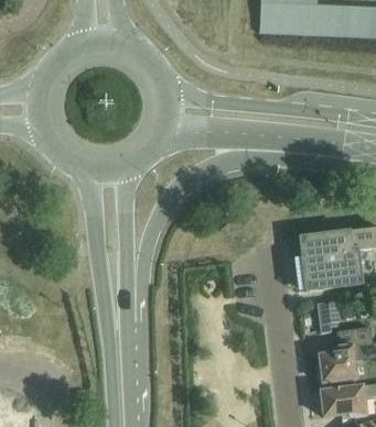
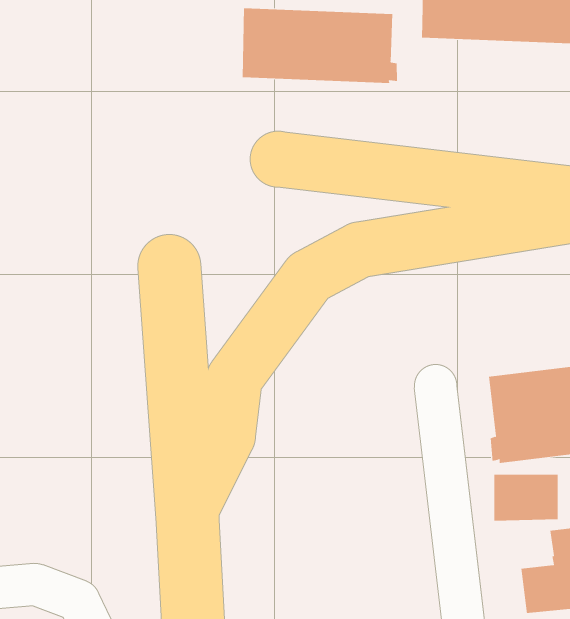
building: none -> [242,7,398,84]

